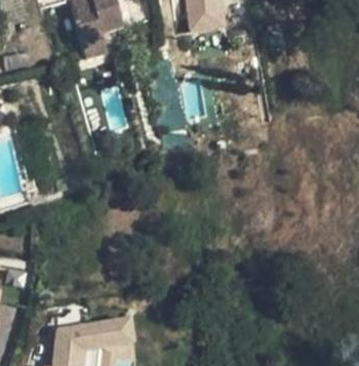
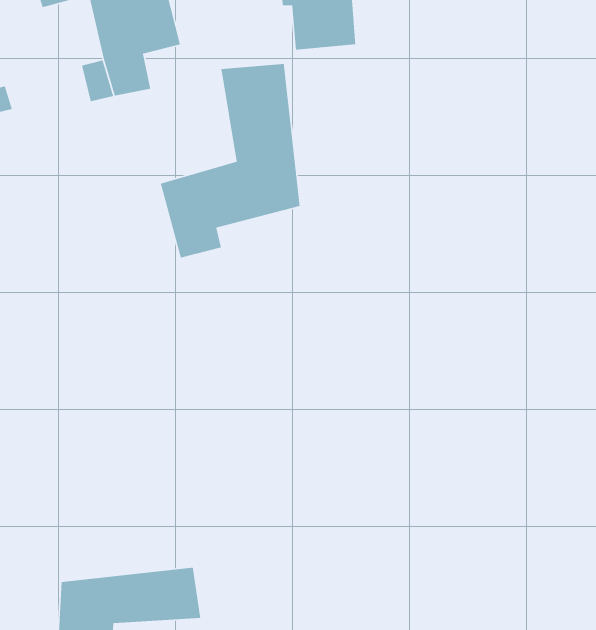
building: none -> [160,63,301,259]

